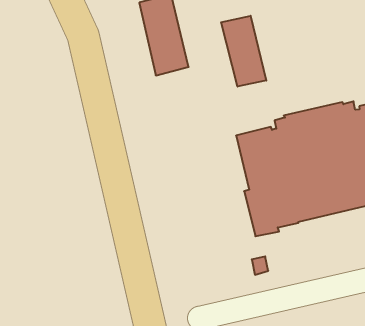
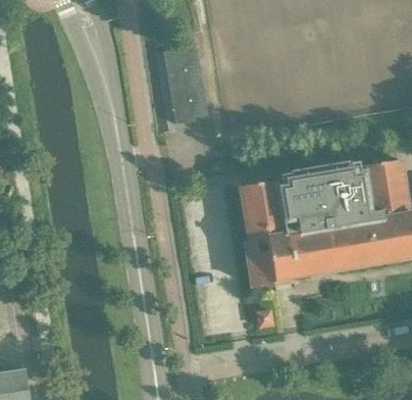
building: [221,16,266,87] -> none

